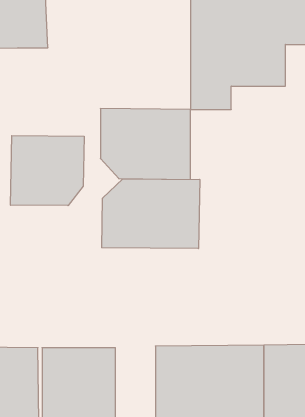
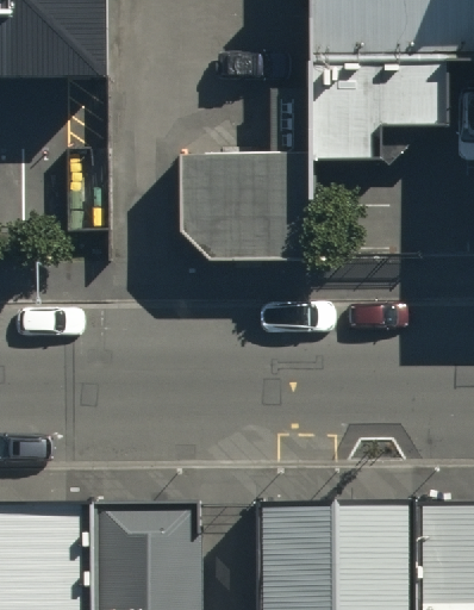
building: [11,136,84,206] -> none
building: [102,179,200,249] -> none

